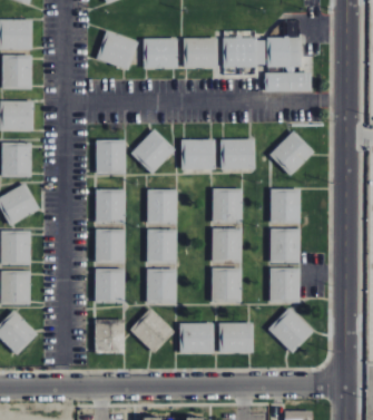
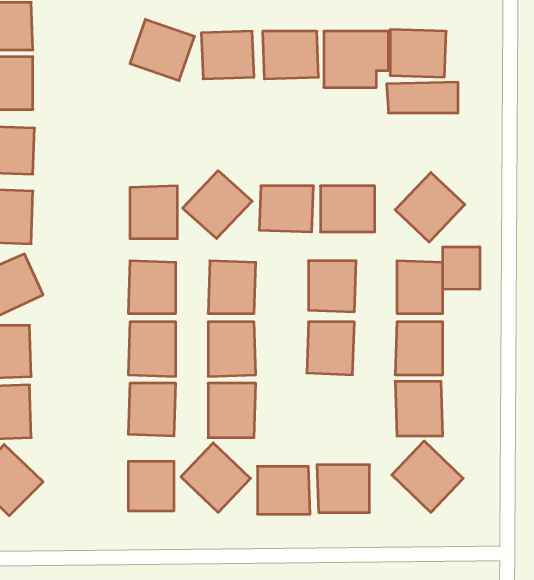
building: none -> [443,247,480,289]
building: [212,267,243,303] -> none

